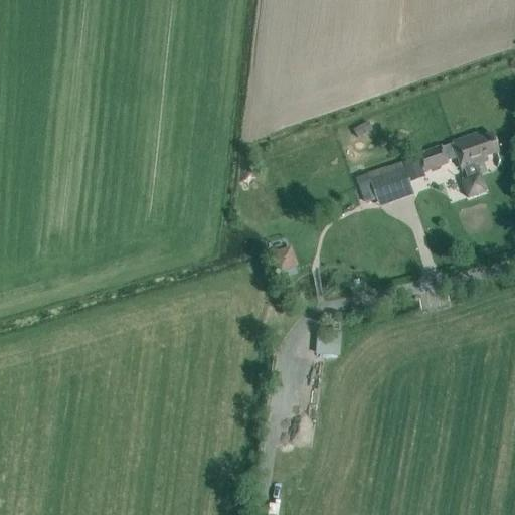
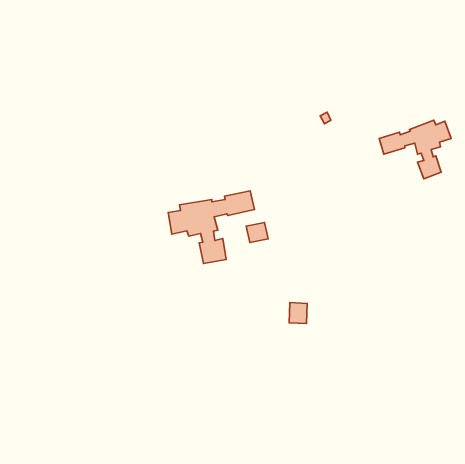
building: [359,162,413,202] -> none
building: none -> [168,191,255,263]

